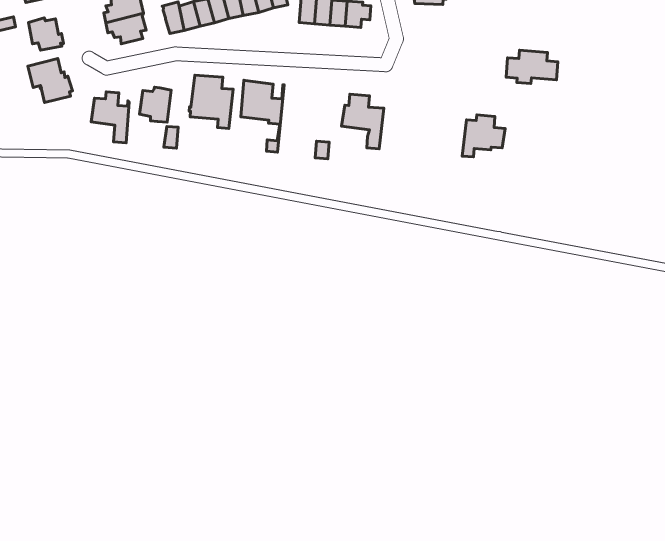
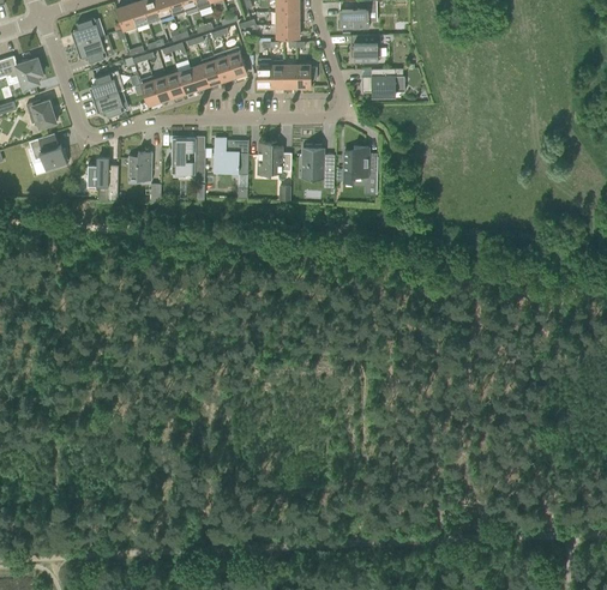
building: [506,50,558,84] -> [361,70,404,97]
building: none -> [257,143,292,175]
building: [462,115,505,157] -> [343,148,378,183]

